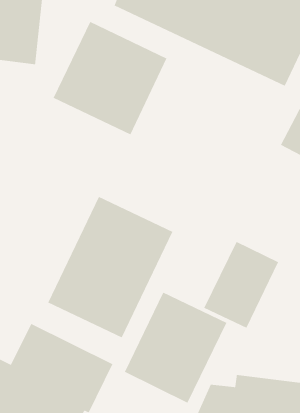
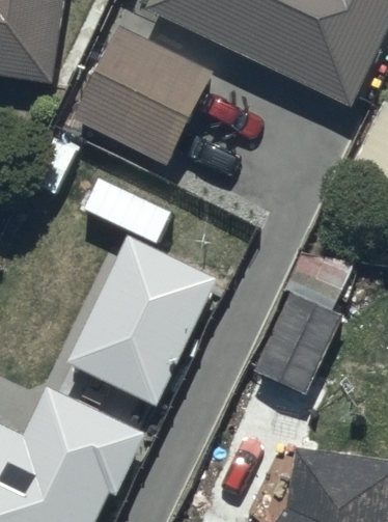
building: [124,291,227,404] -> none

